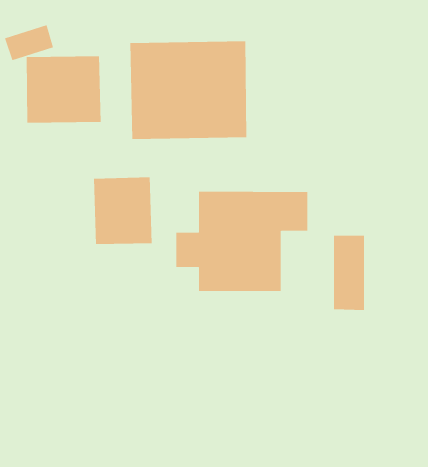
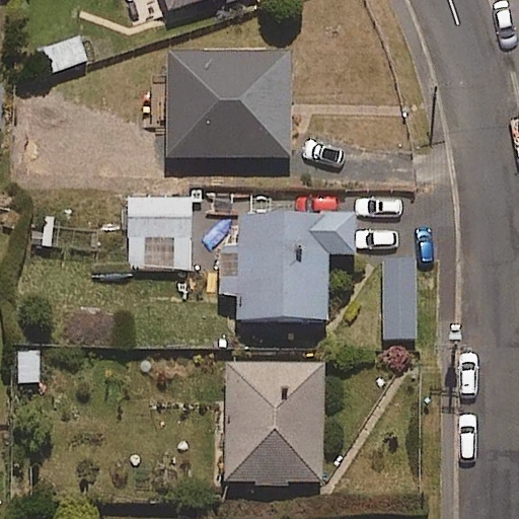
building: [26,55,101,124] -> none
building: none -> [227,362,323,481]

